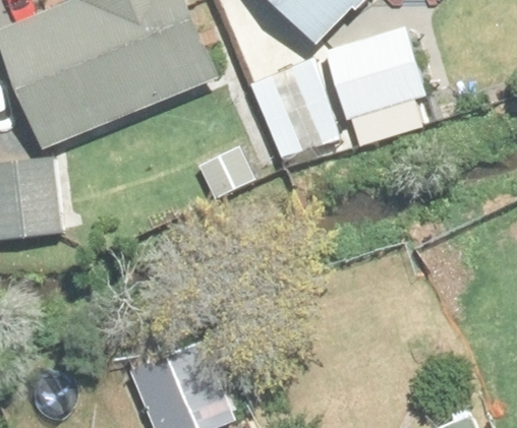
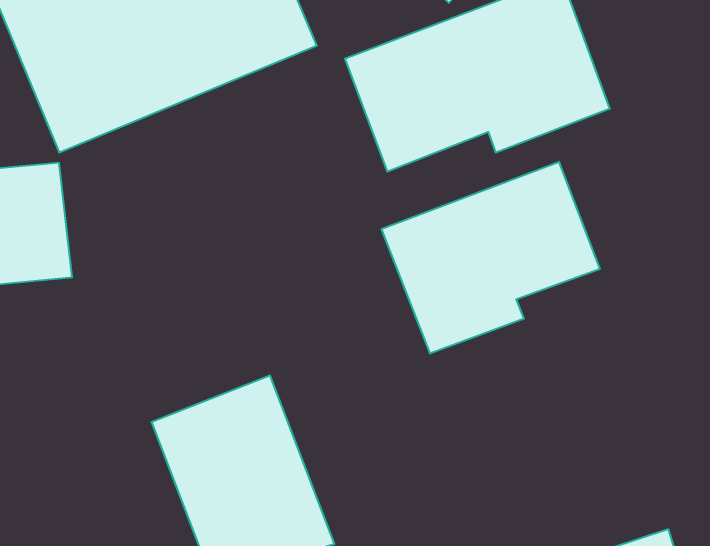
building: none -> [382,162,600,354]

